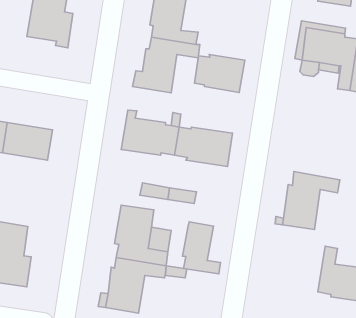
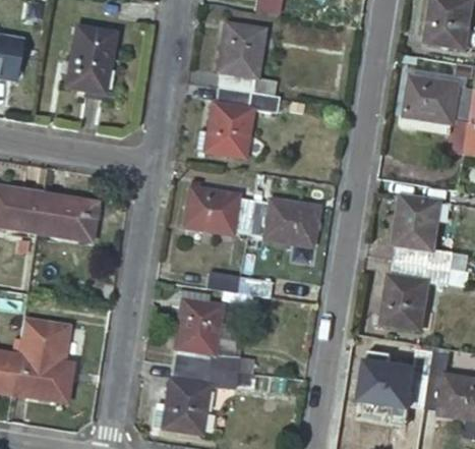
building: [195,54,245,93] -> none
building: none -> [395,192,456,266]
building: [183,222,220,274] -> none
building: none -> [362,346,435,406]

